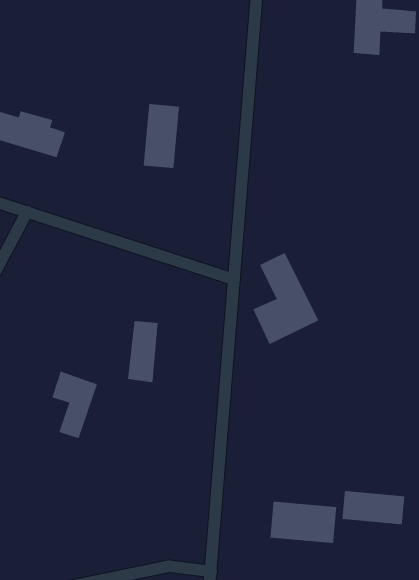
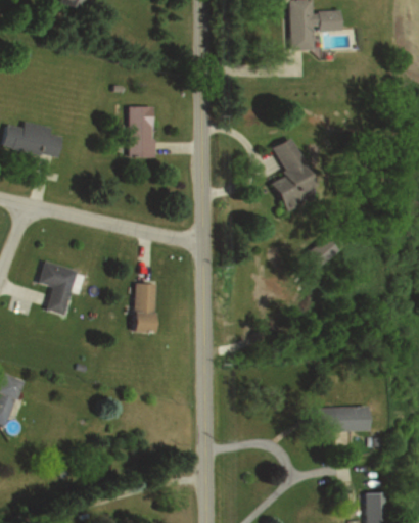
building: [252,252,319,345] -> [270,135,325,211]
building: [52,371,98,439] -> [39,262,76,316]
building: [270,501,337,544] -> none

